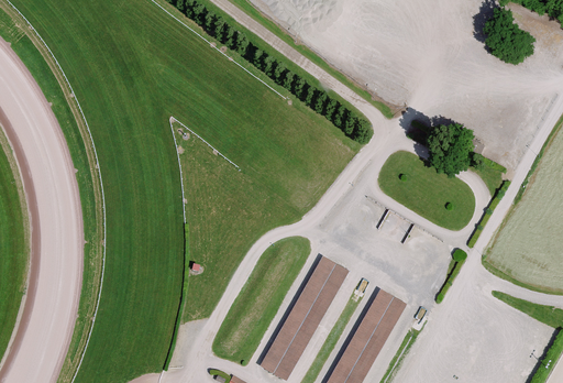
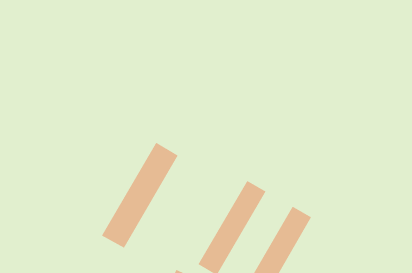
building: none -> [101,142,178,249]

